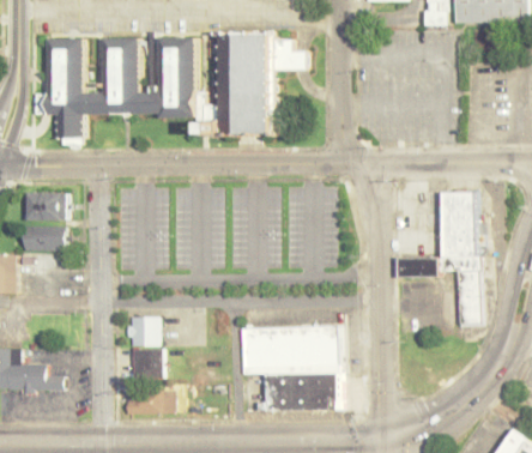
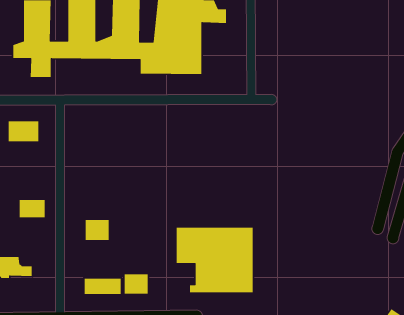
building: [393,192,478,326] -> none
building: [32,226,66,250] -> [19,199,45,218]
building: [129,349,161,375] -> [124,274,149,294]

